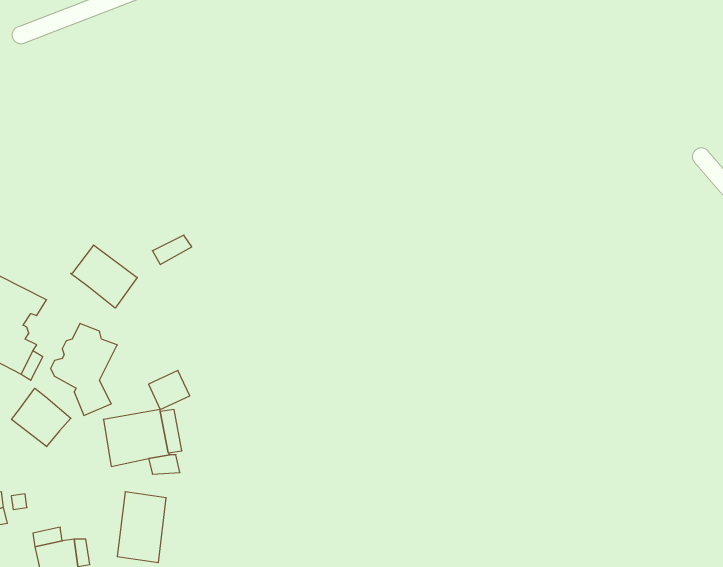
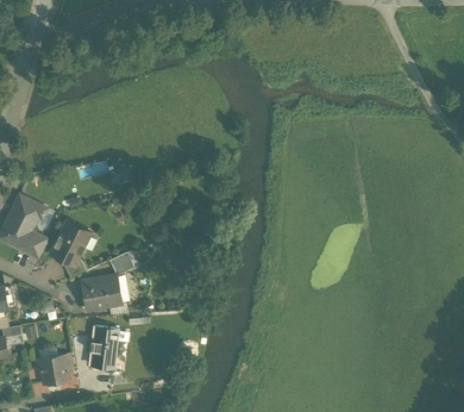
building: [71,245,137,308] -> none
building: [12,388,71,447] -> none

